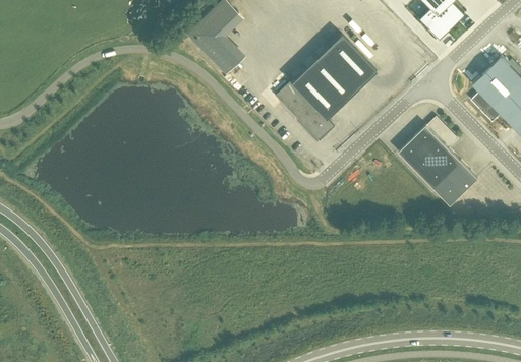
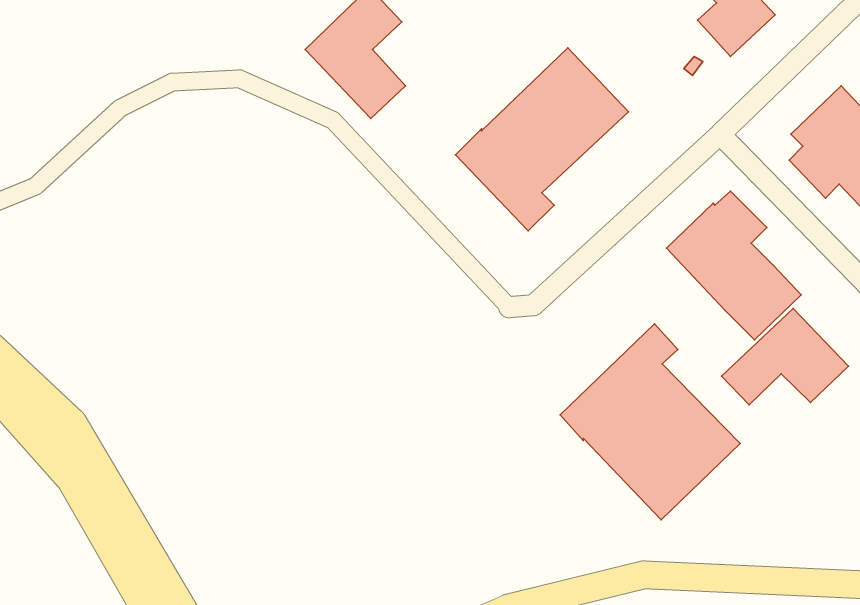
building: none -> [722,308,849,405]
building: none -> [560,324,740,520]

